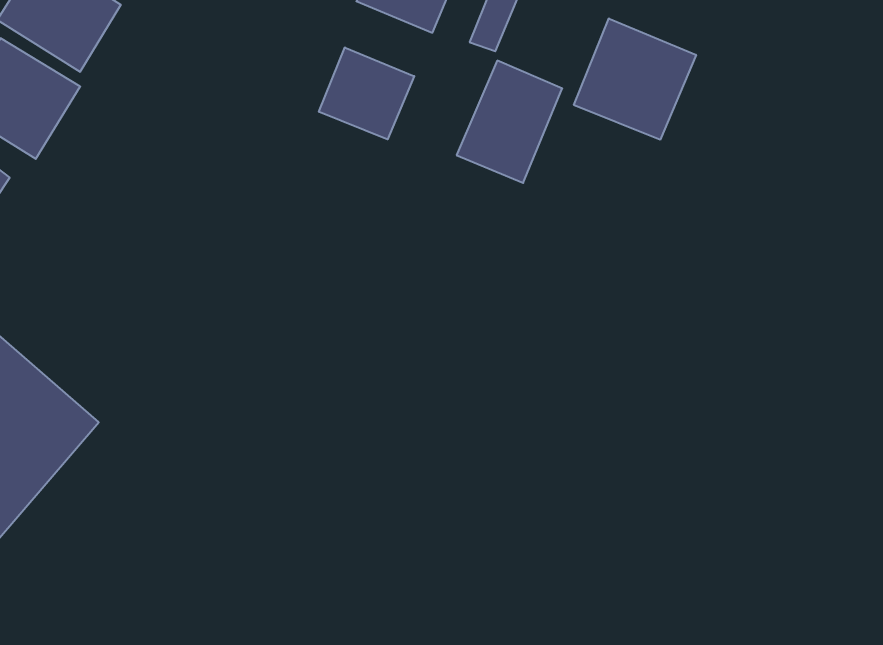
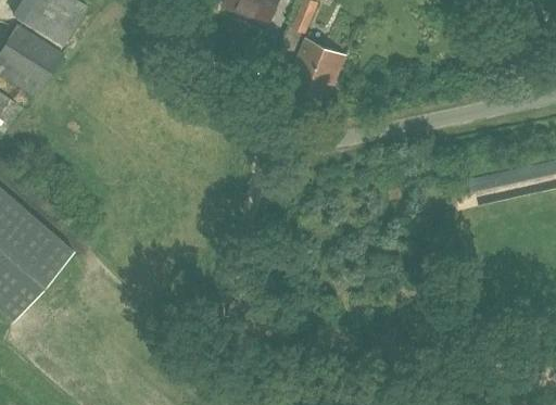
building: [574,18,696,140] -> none
building: [319,47,414,139] -> none

